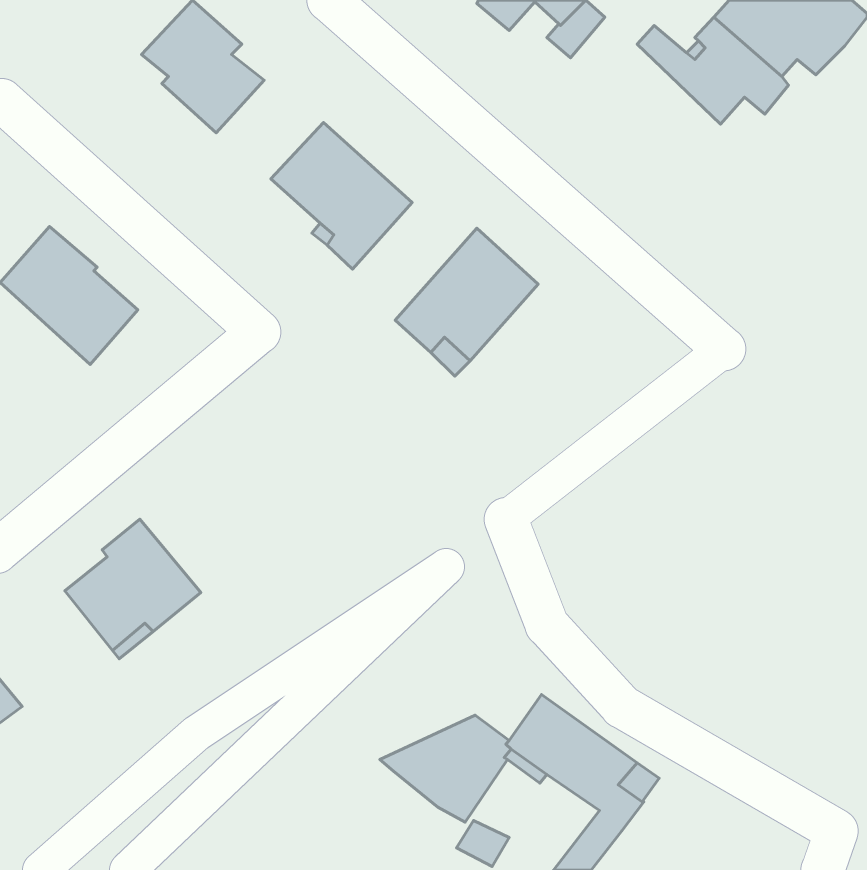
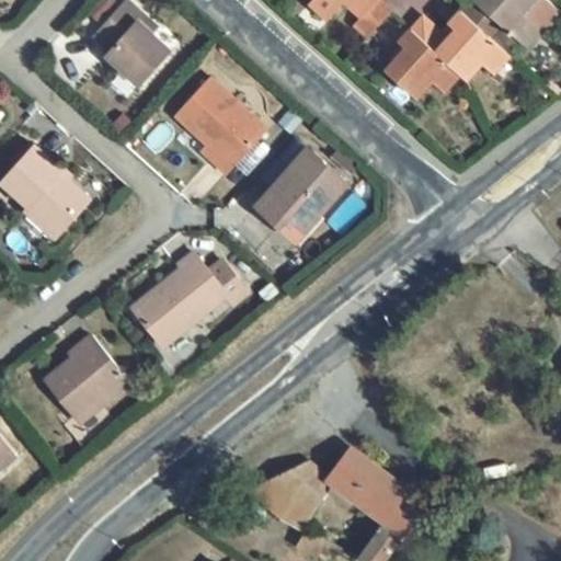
building: none -> [383,28,458,98]
building: none -> [133,252,248,346]

